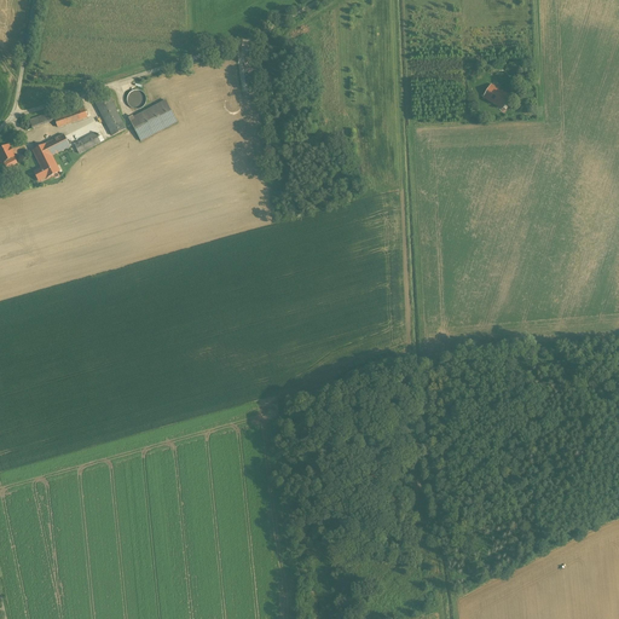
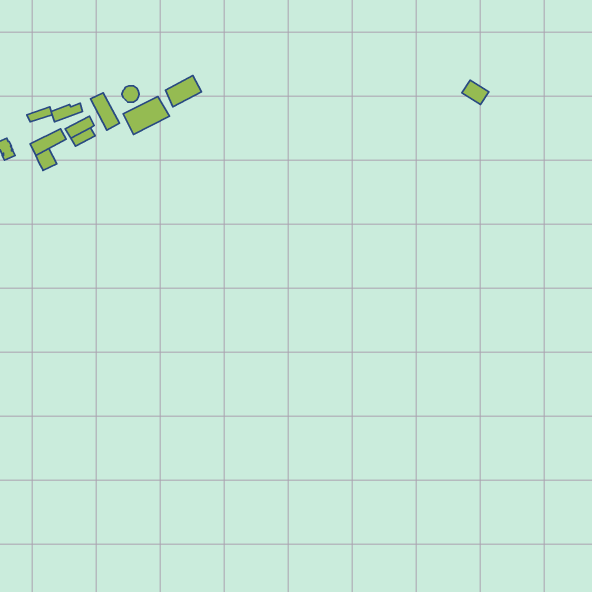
building: none -> [165,76,202,107]

